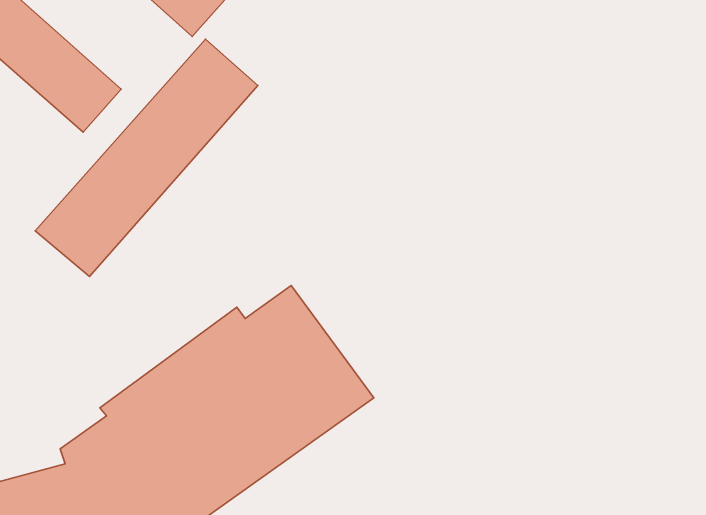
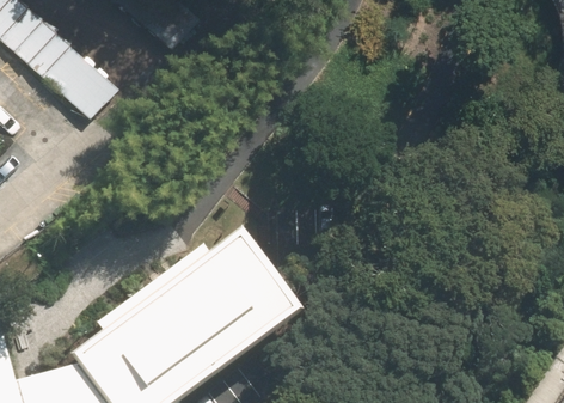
building: [35,39,258,277] -> none

